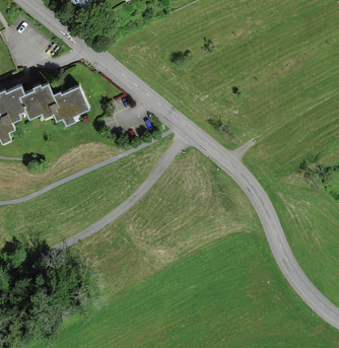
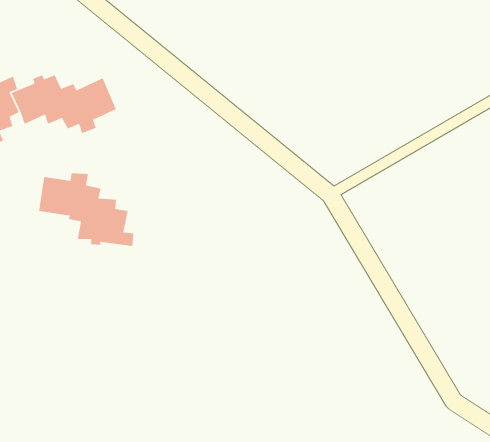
building: none -> [38,172,134,247]

